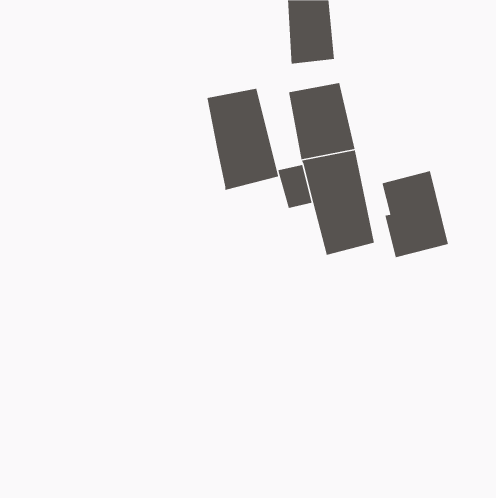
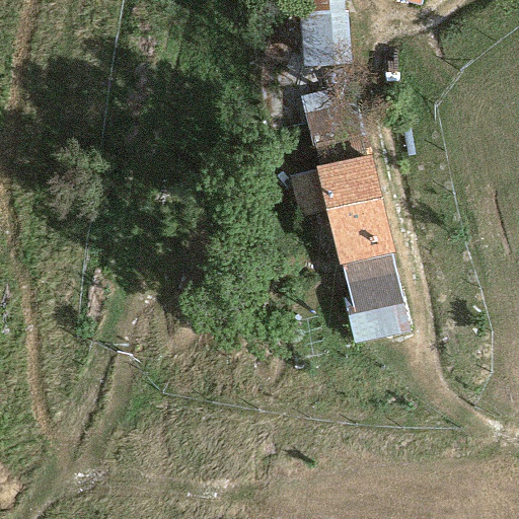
building: [207,88,279,191] -> none
building: [382,170,449,258] -> [342,252,412,344]

